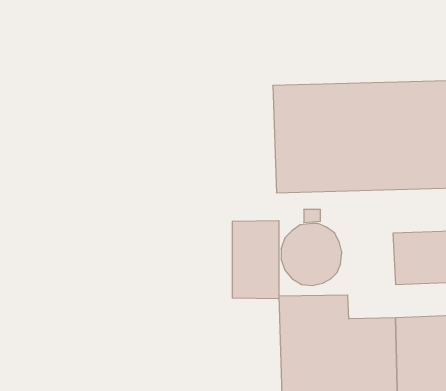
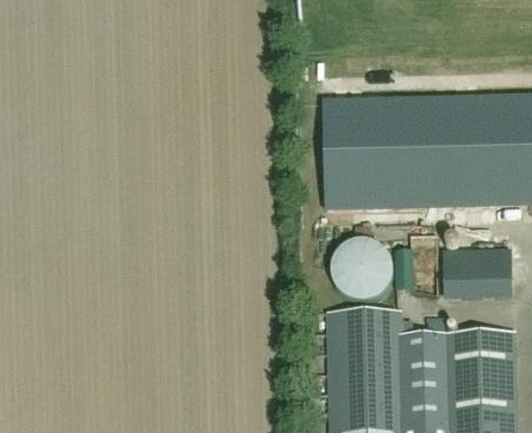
building: [232,221,279,299] -> none

